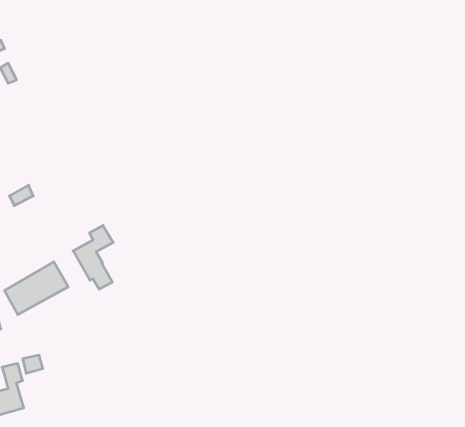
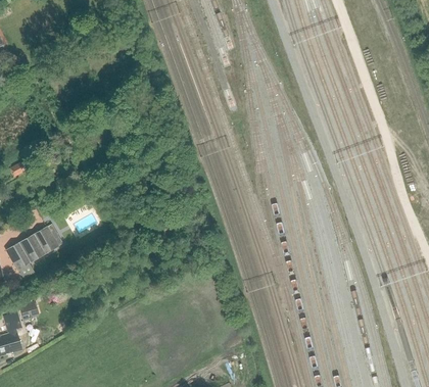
building: [73,225,113,289] -> none

